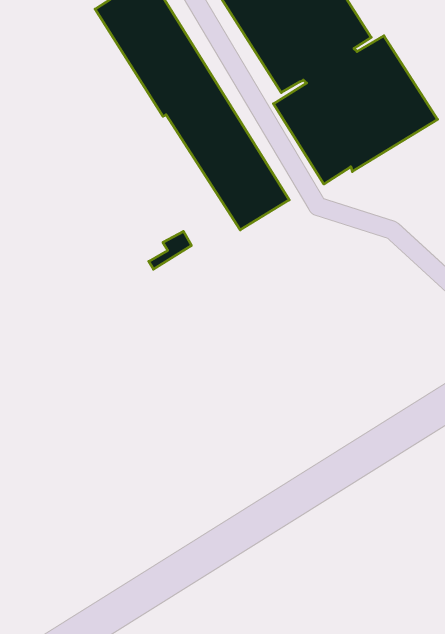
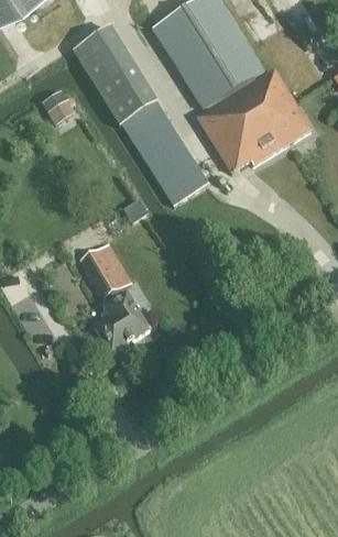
building: none -> [41,87,74,122]
building: none -> [80,241,150,352]

